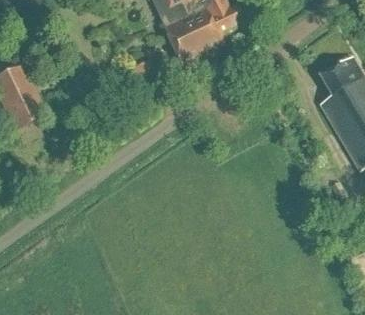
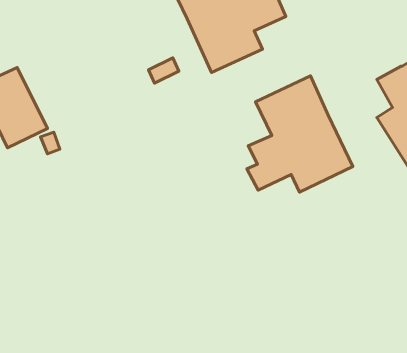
building: none -> [247,76,353,192]

